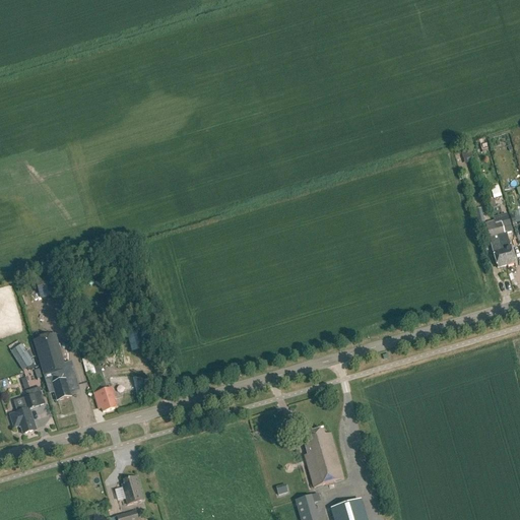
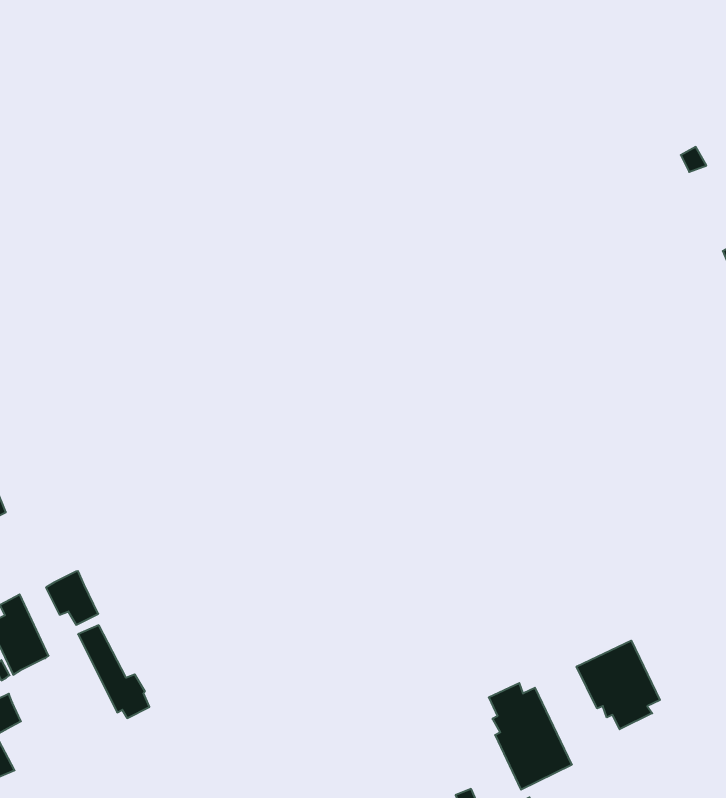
building: [45,370,71,399] -> [46,571,98,625]
building: none -> [577,641,660,729]

